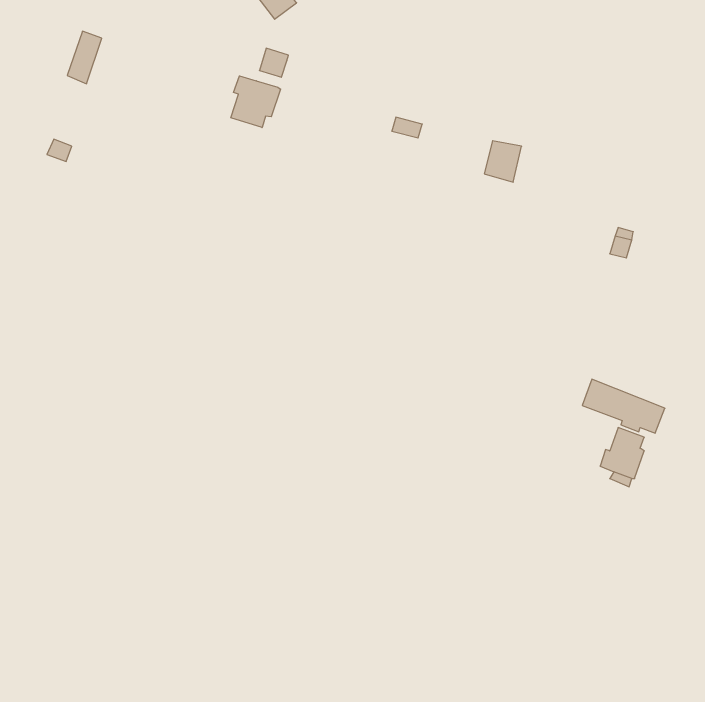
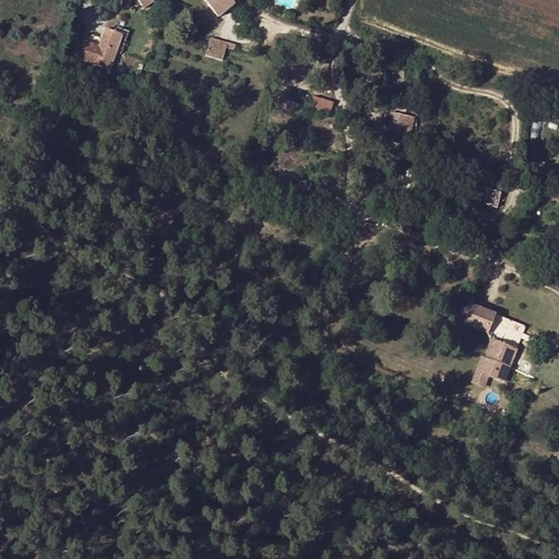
building: [67,31,102,84] -> [94,26,121,68]
building: [231,76,281,128] -> none

